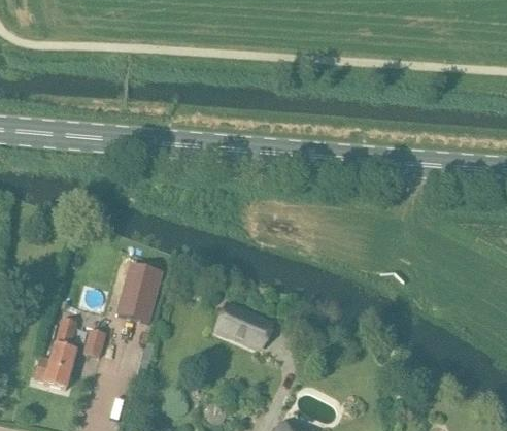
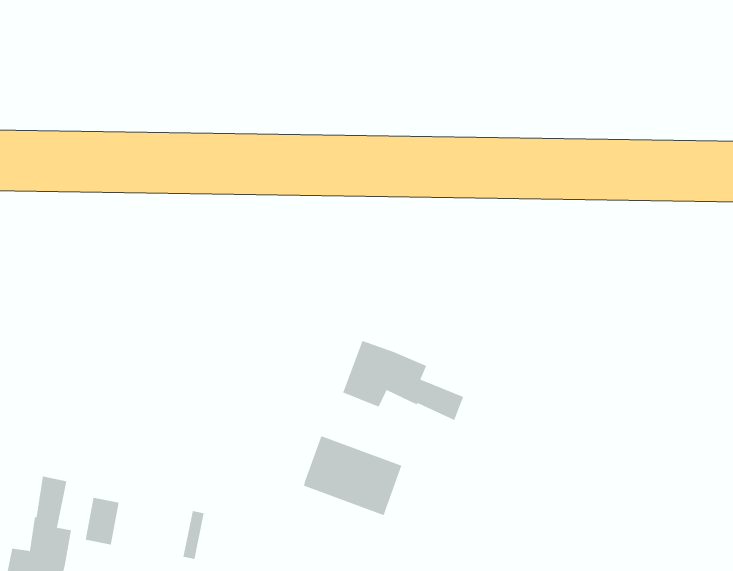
building: none -> [343,340,464,421]
building: [116,264,162,322] -> none

